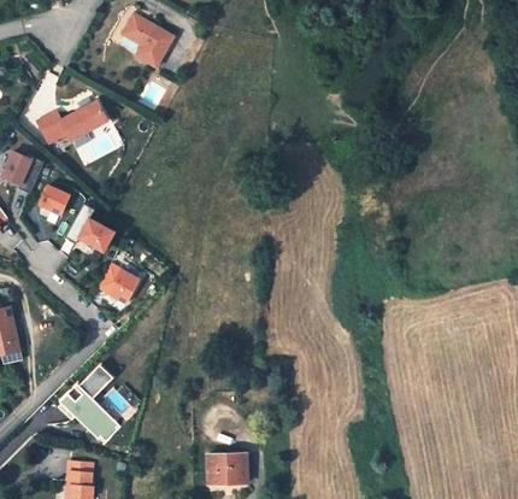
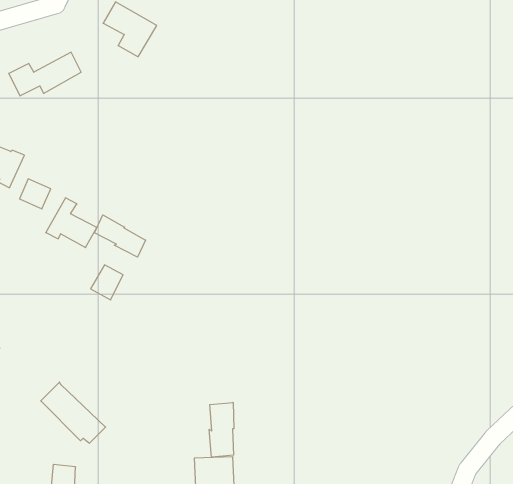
building: [35,101,105,143] -> [9,52,81,96]
building: none -> [94,215,146,257]
building: [78,362,114,397] -> none
building: none -> [209,402,234,457]

